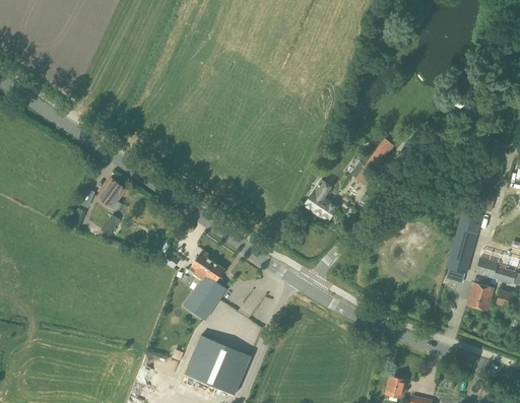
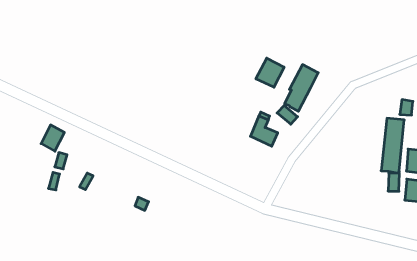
building: none -> [256,58,284,87]
building: [98,178,126,208] -> [41,125,64,151]
building: [184,250,226,320] -> none

